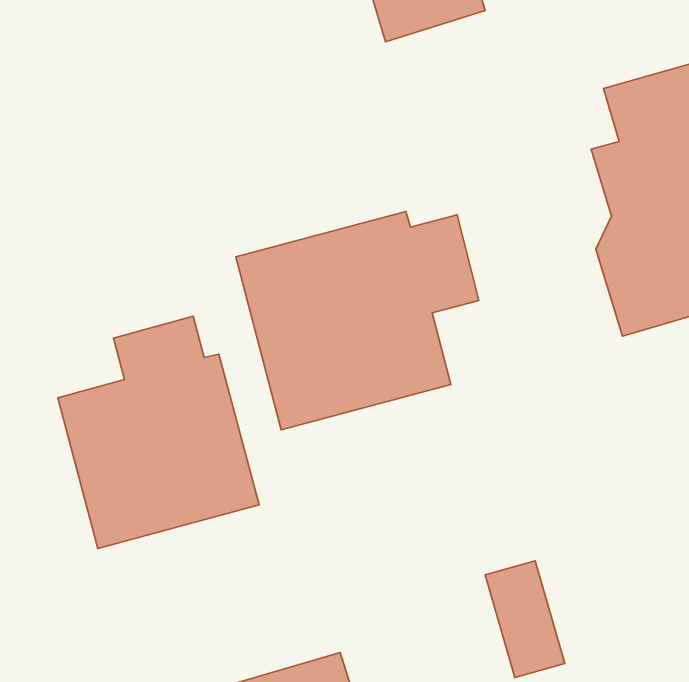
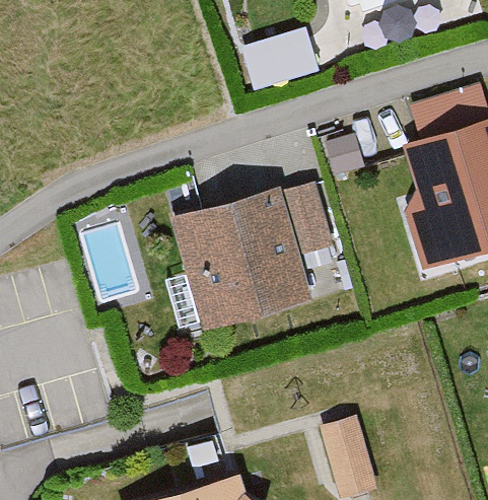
building: [58,316,259,548] -> none

